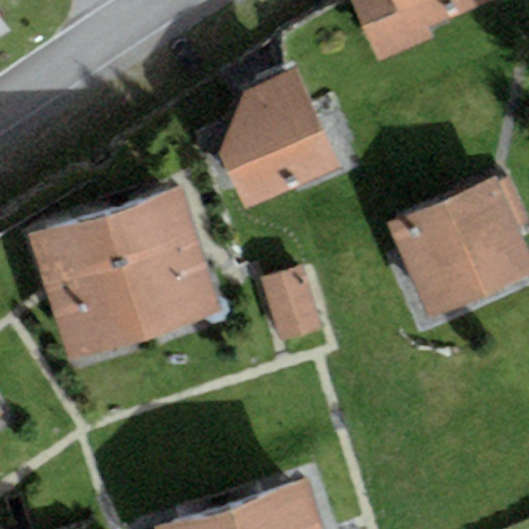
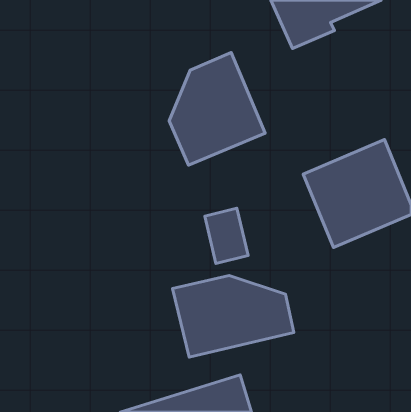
building: [33,191,221,360] -> none
building: none -> [173,275,294,357]

